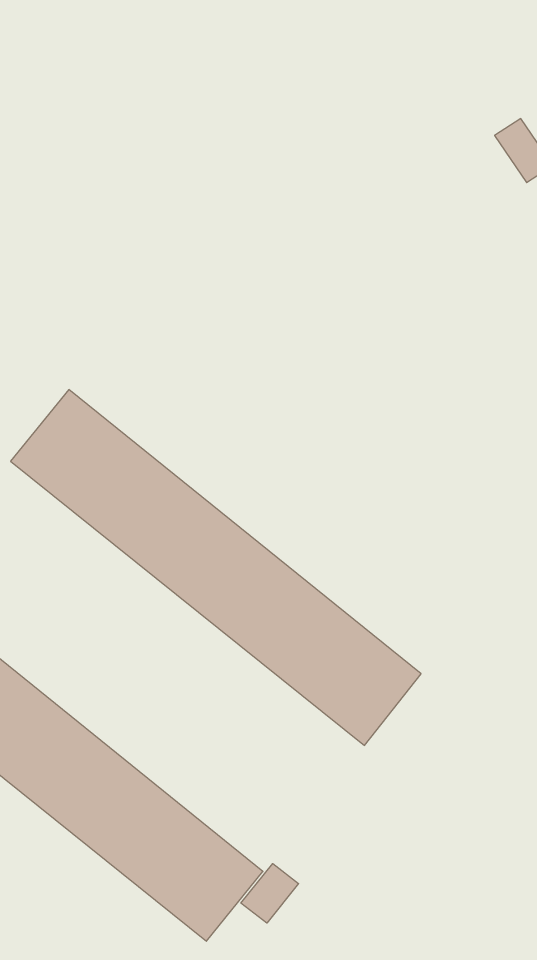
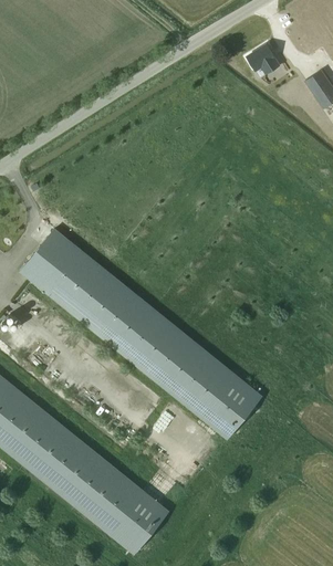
building: none -> [246,43,278,76]
building: [241,864,299,923] -> none

